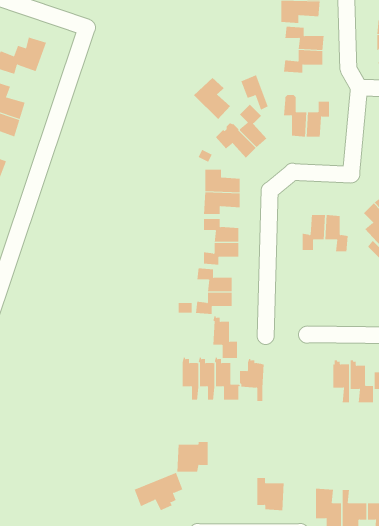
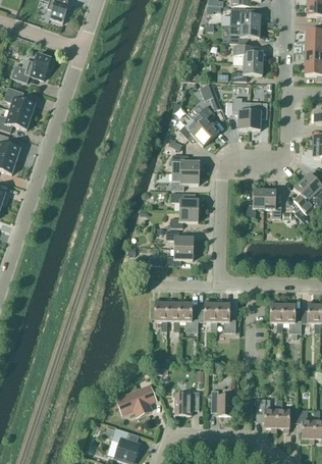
building: [193,77,231,120] -> none
building: [212,316,238,359] -> [216,299,235,331]
building: [176,441,208,472] -> [174,391,199,414]

